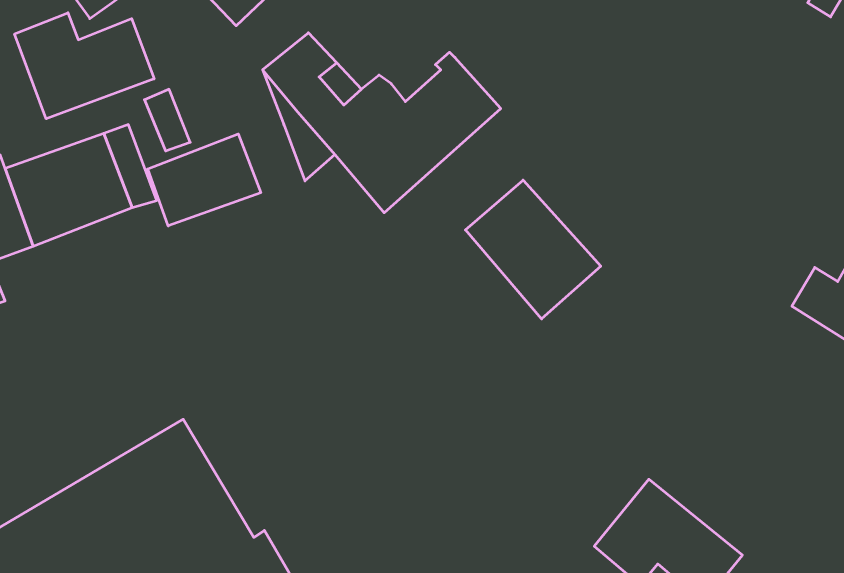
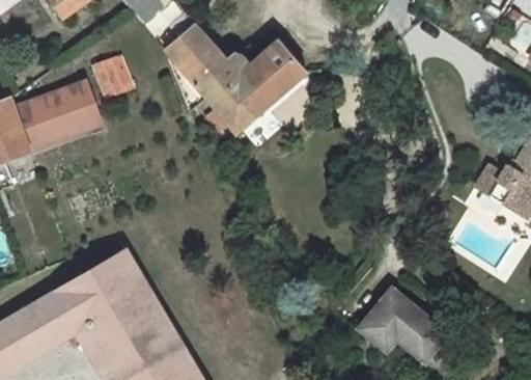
building: [15,13,154,119] -> none
building: [148,134,261,226] -> none
building: [465,180,601,319] -> none

